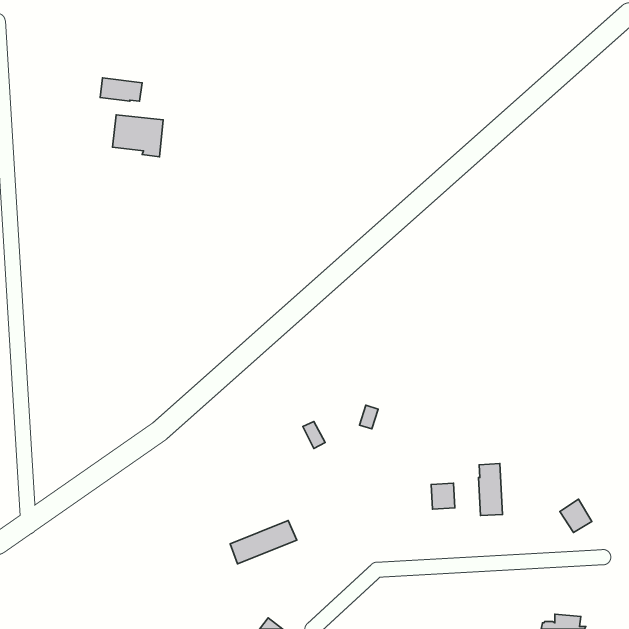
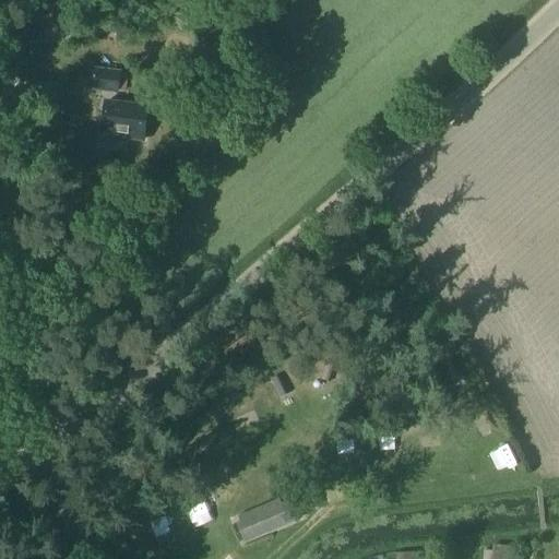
building: [479,464,502,516] -> none
building: [230,520,297,564] -> [239,498,298,536]

